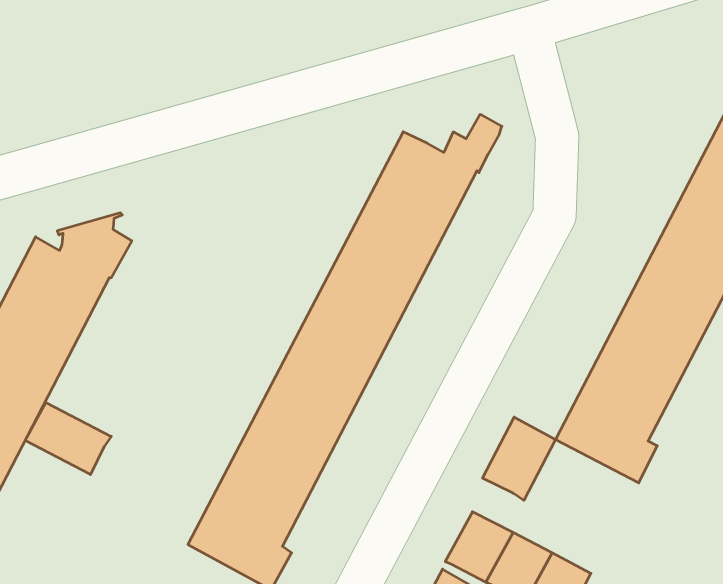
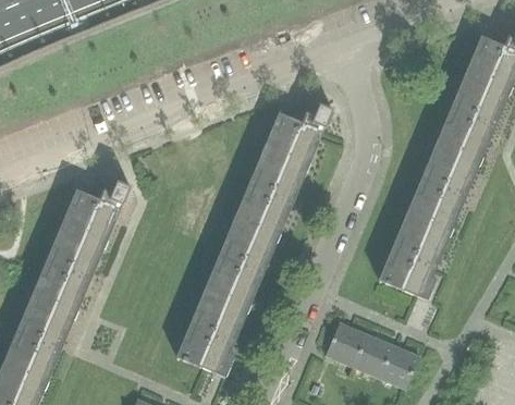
building: [25,402,111,475] -> none
building: [483,417,556,500] -> none

